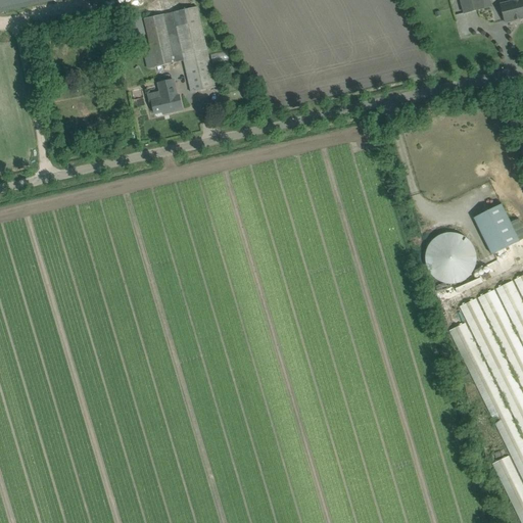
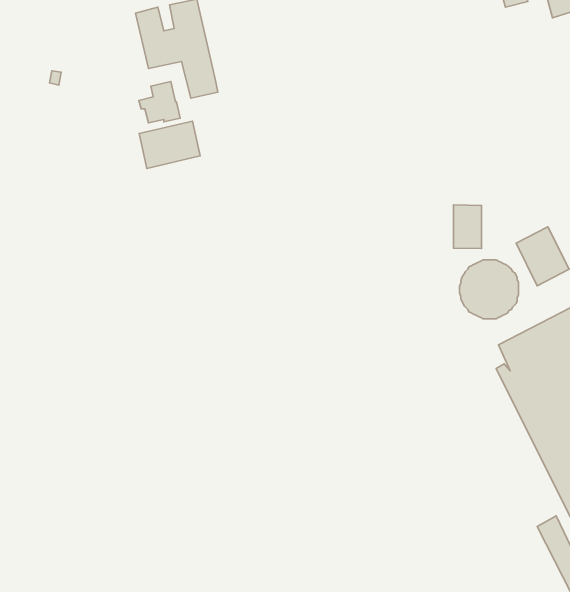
building: none -> [139,121,200,169]
building: none -> [453,205,482,249]

